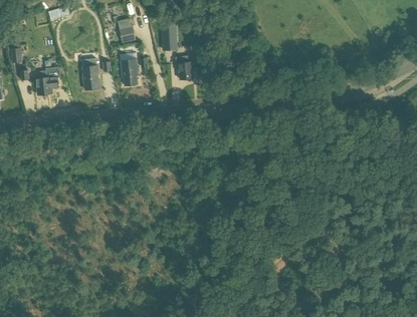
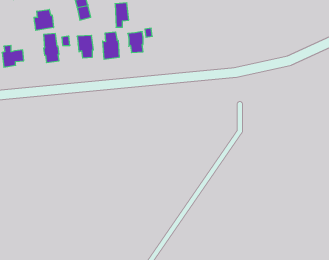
building: none -> [34,9,53,30]
building: none -> [103,32,119,59]

